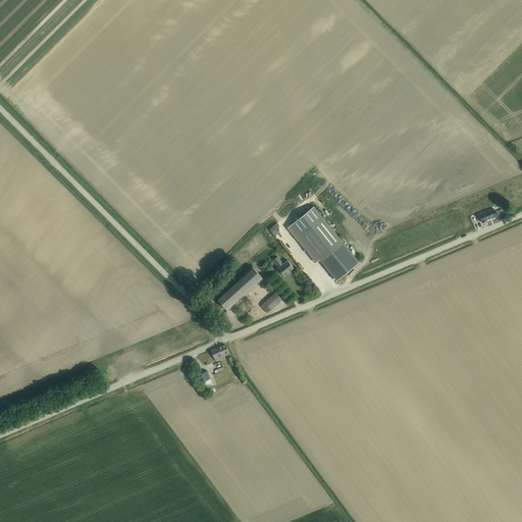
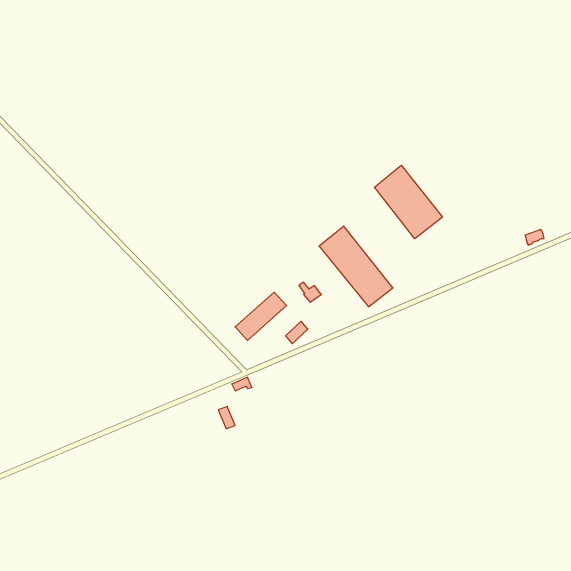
building: none -> [375,165,443,239]

